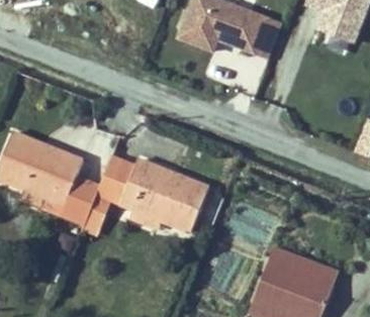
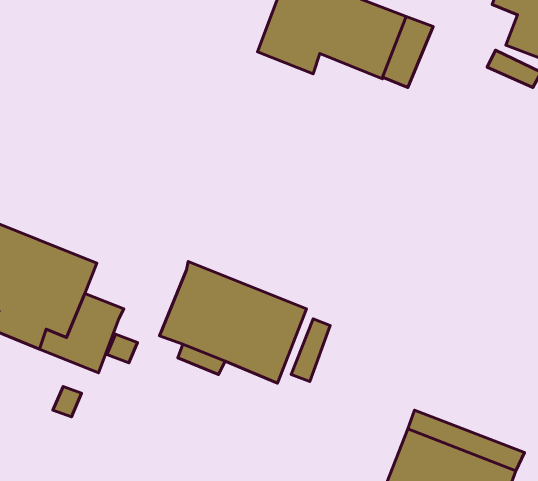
building: [95,155,135,204] -> none

